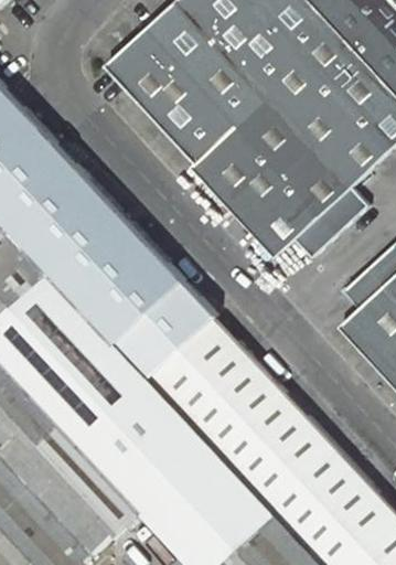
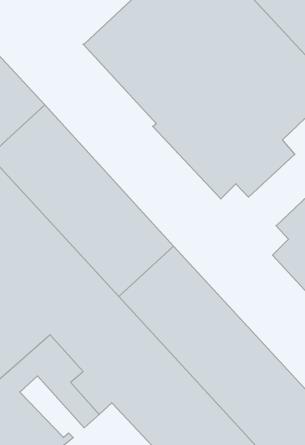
building: [26,477,106,553] -> none

